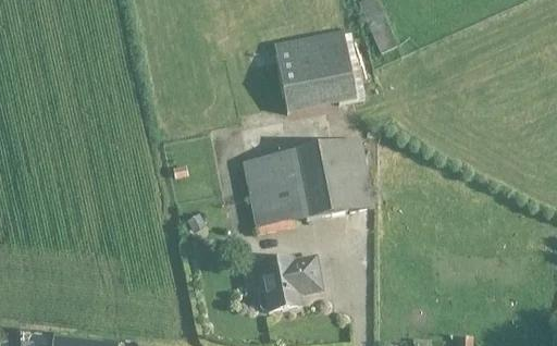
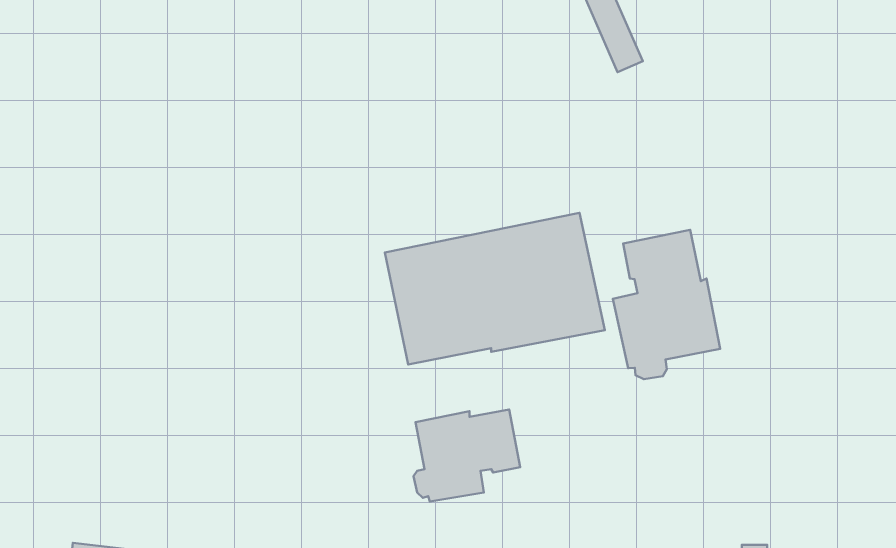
building: [273,29,358,112] -> none
building: none -> [613,230,720,379]

